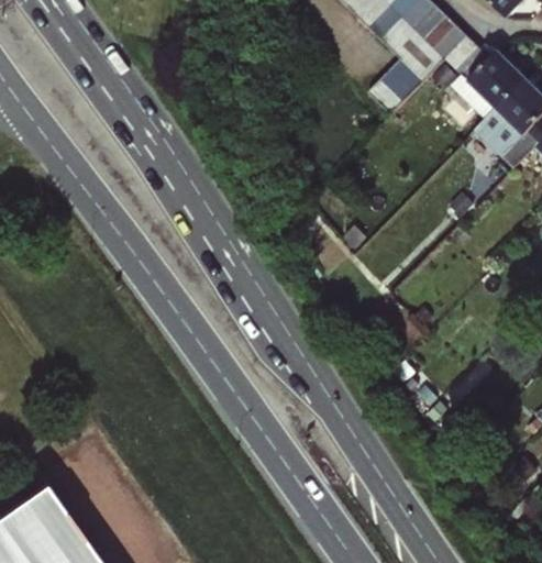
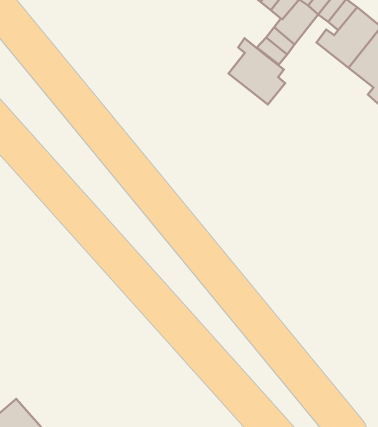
building: none -> [228,38,285,105]

